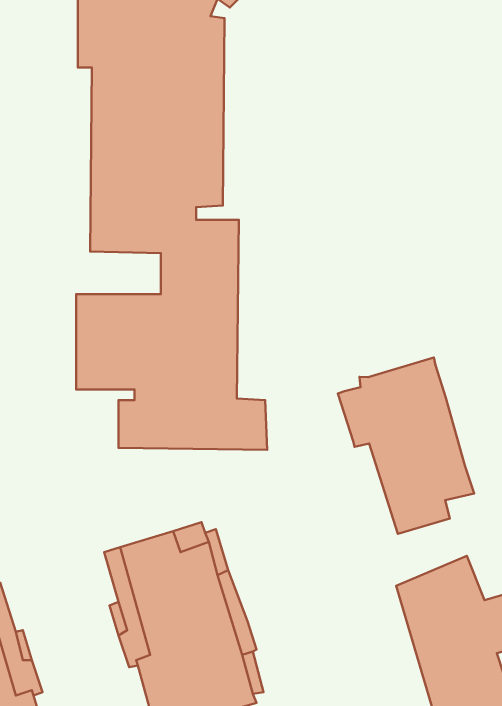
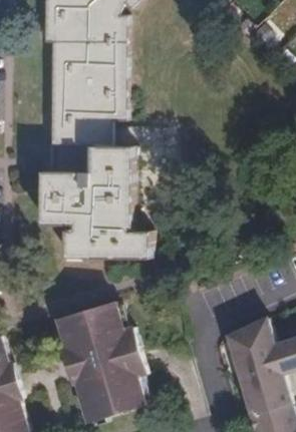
building: [338,357,474,534] -> none

